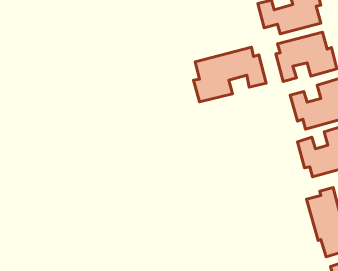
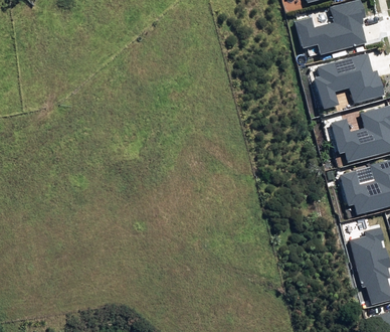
building: [194,47,266,102] -> none

